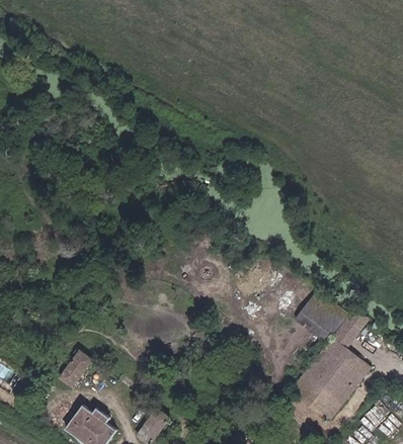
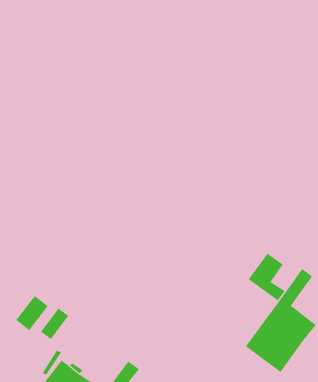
building: [318,303,346,333] -> none
building: none -> [15,295,48,331]

